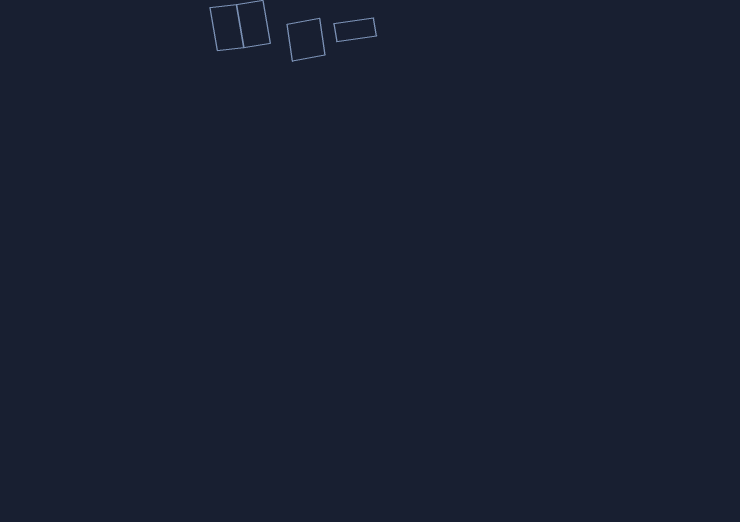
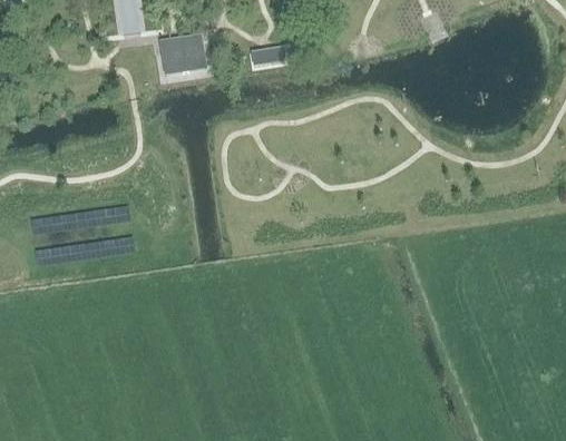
building: [287,18,325,61] -> none

